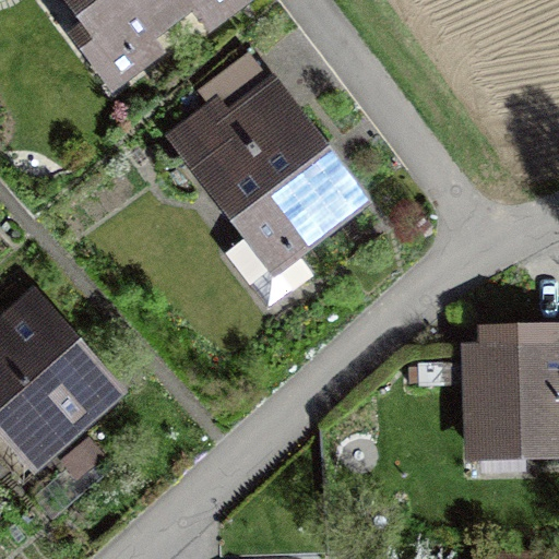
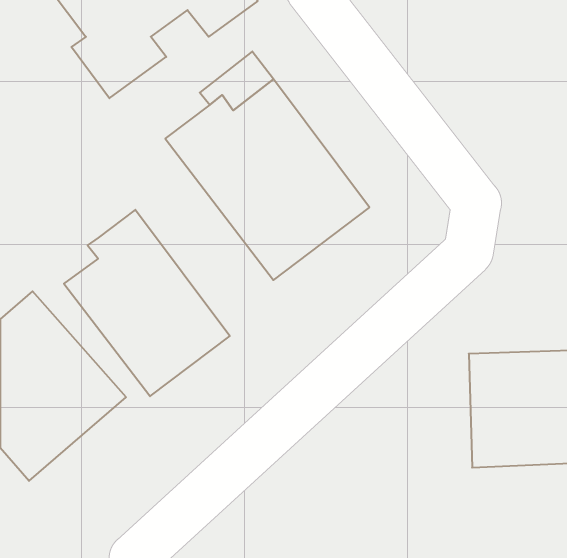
building: none -> [64,210,230,396]

